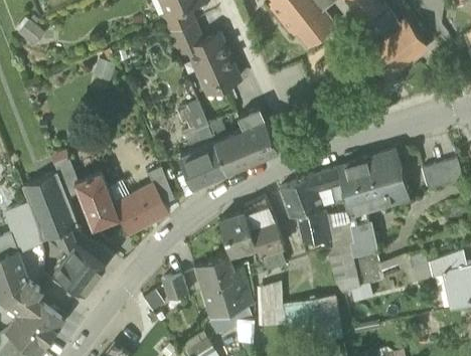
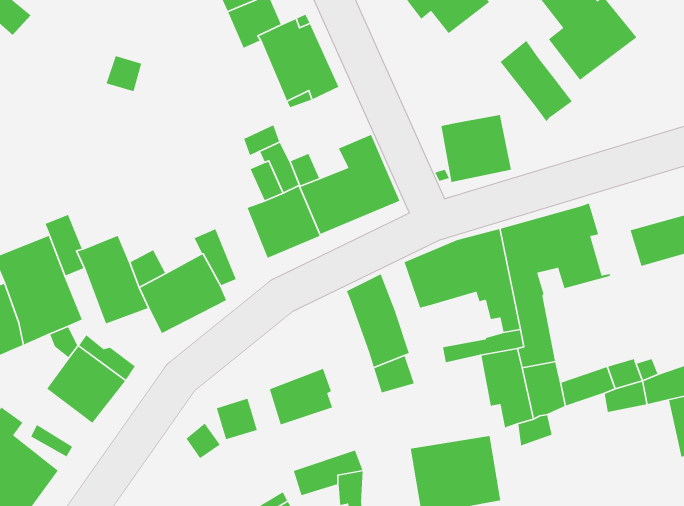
building: none -> [499,40,573,122]
building: none -> [441,114,512,183]
building: [298,208,331,242] -> none
building: [219,212,258,254] -> none
building: [202,268,250,320] -> none
building: [257,283,284,327] -> none

